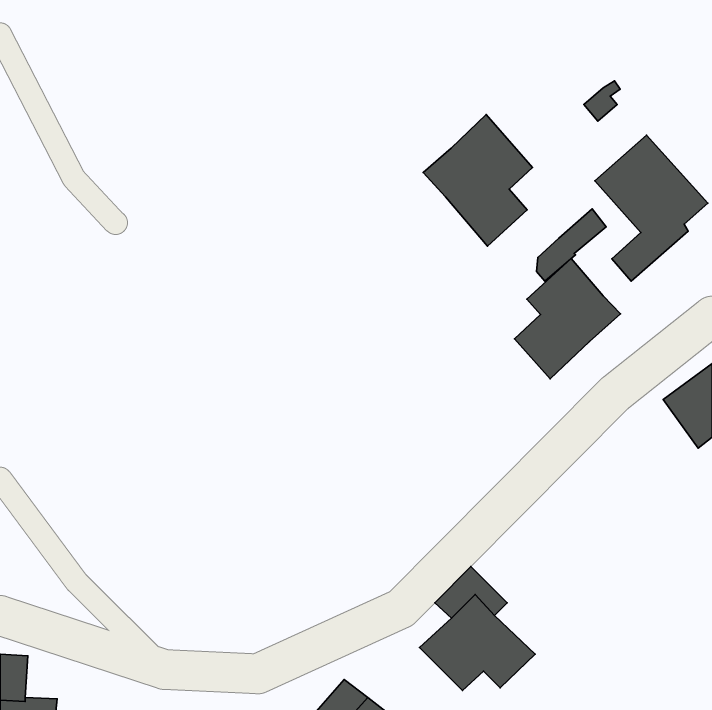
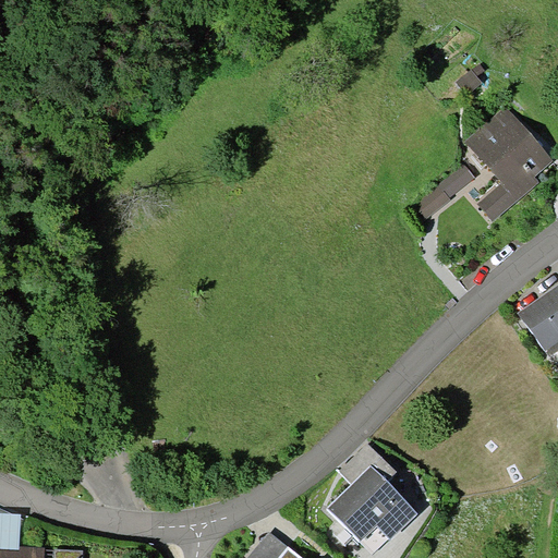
building: [423,114,533,246] -> none
building: [515,258,621,379] -> none

